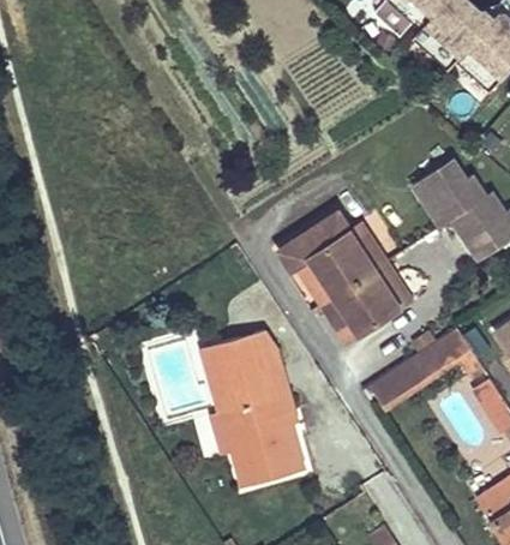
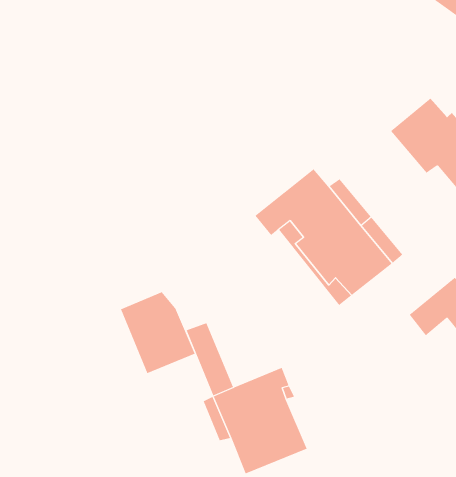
building: [223,331,288,406] -> [120,291,195,374]
building: [367,358,424,407] -> none

